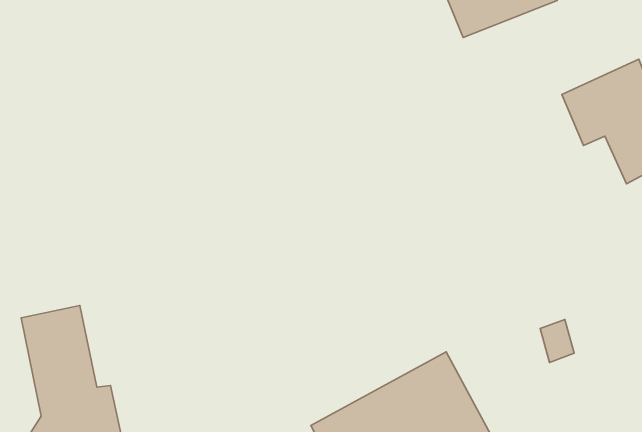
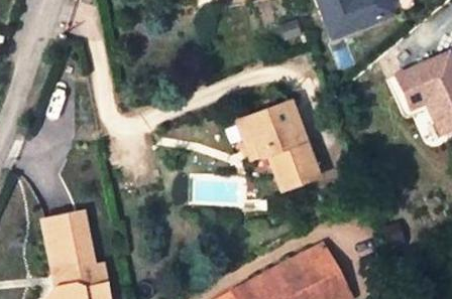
building: none -> [238,101,318,192]

